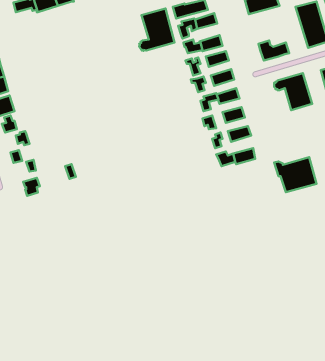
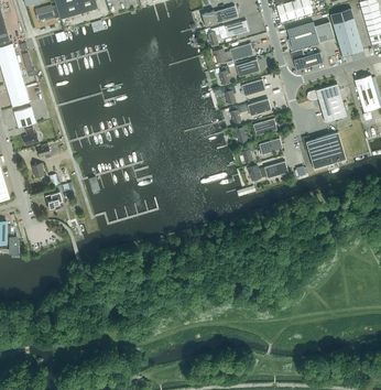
building: [139,8,174,51] -> none
building: none -> [286,21,334,51]
building: [274,157,317,192] -> [302,131,346,167]

